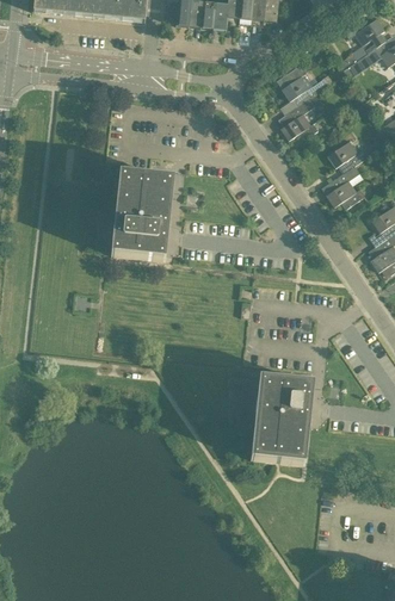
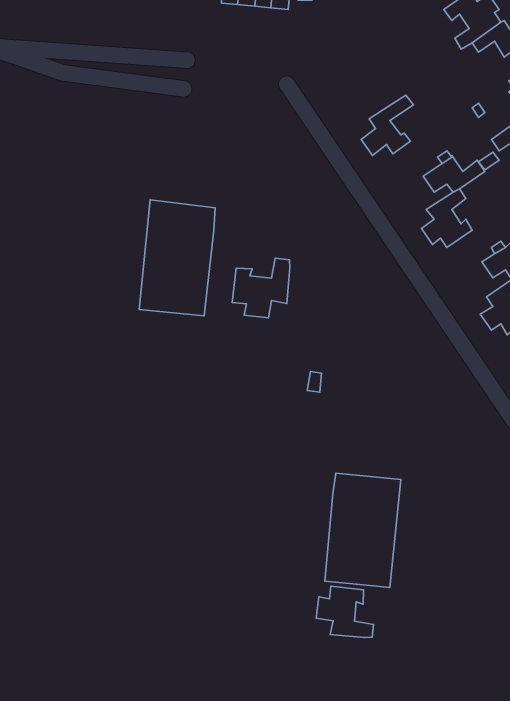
building: [274,64,327,104] -> none
building: none -> [232,258,290,318]
building: none -> [316,586,373,637]

